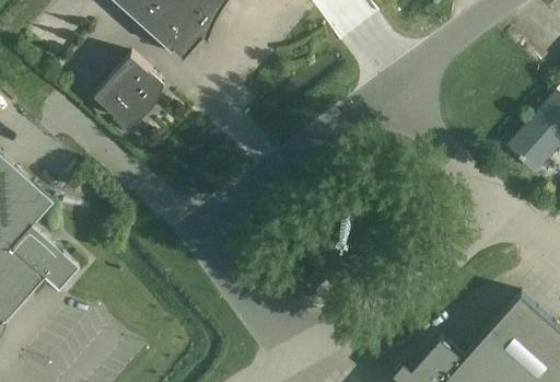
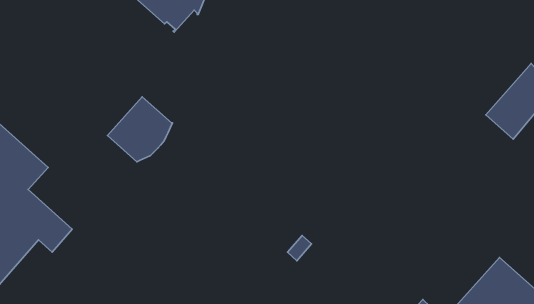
building: [95,56,163,124] -> [107,97,172,162]

